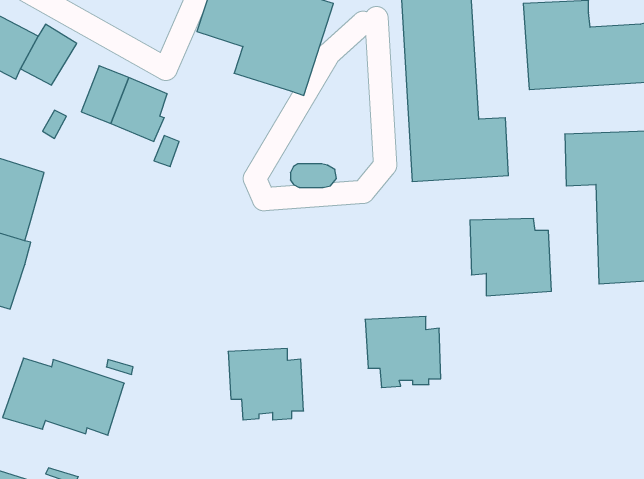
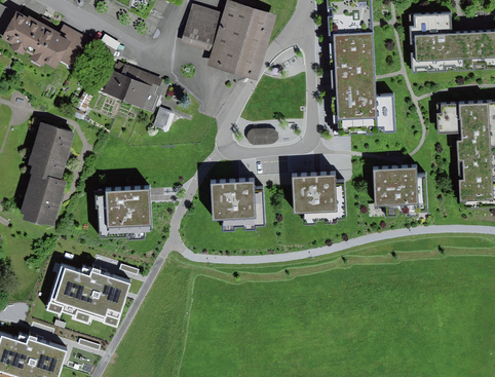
building: none -> [93,186,156,237]
building: [365,316,441,388] -> [292,171,344,220]
building: [228,349,304,420] -> [212,177,264,226]

